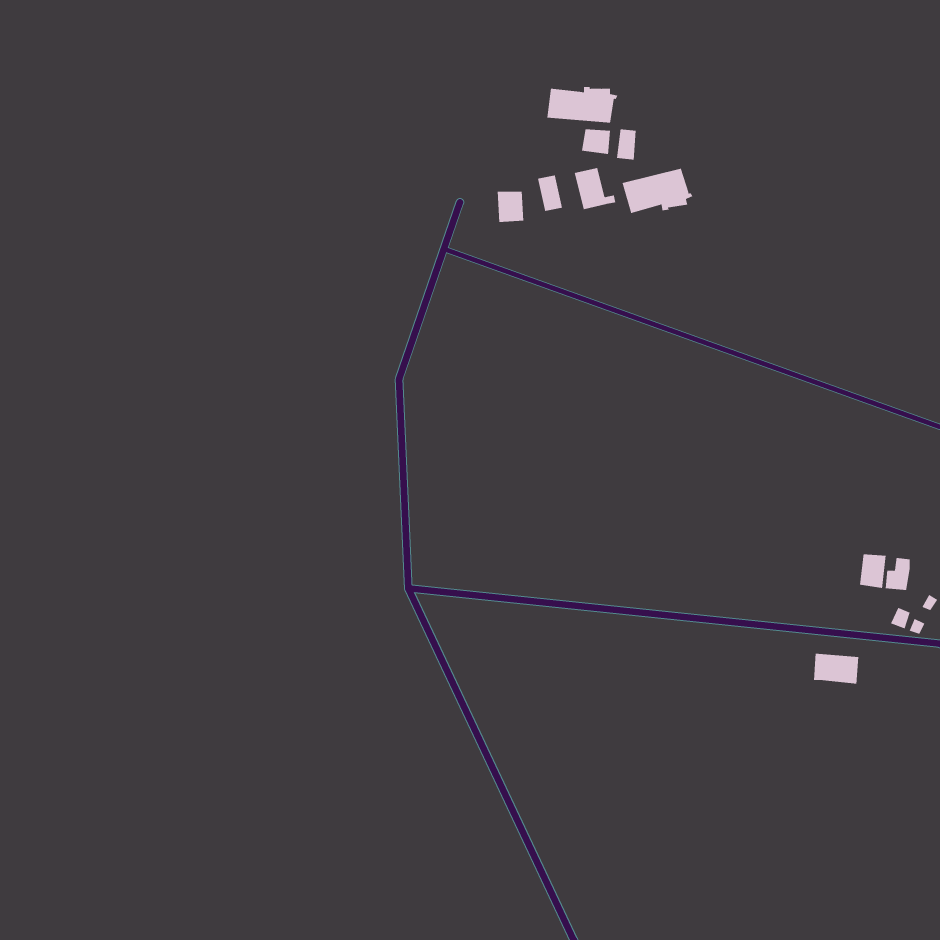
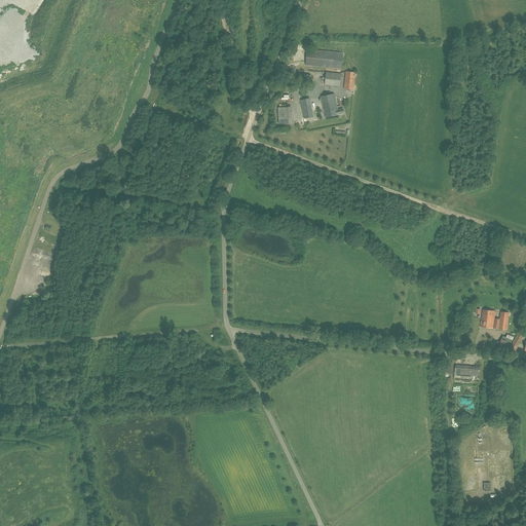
building: [622,168,693,214] -> none

